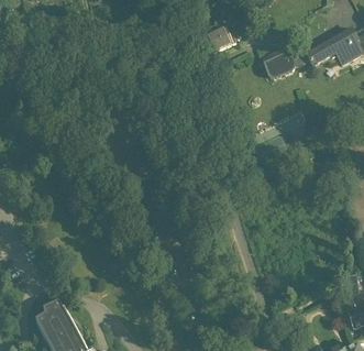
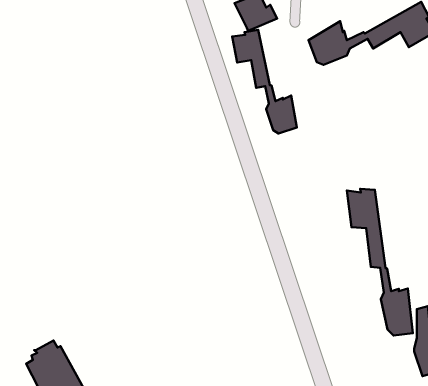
building: none -> [232,30,297,133]
building: none -> [347,189,413,336]

